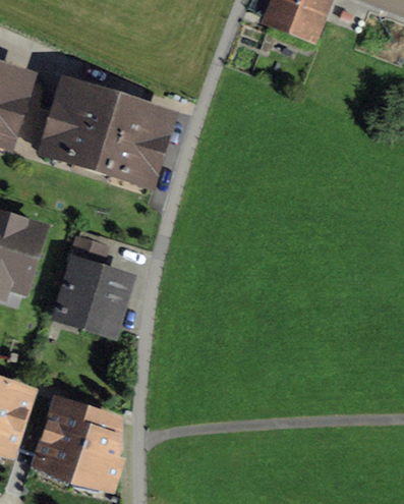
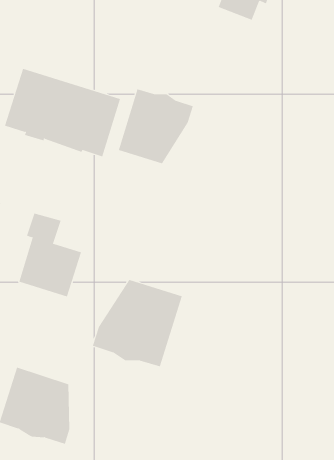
building: none -> [118,89,194,164]
building: none -> [92,279,182,367]

